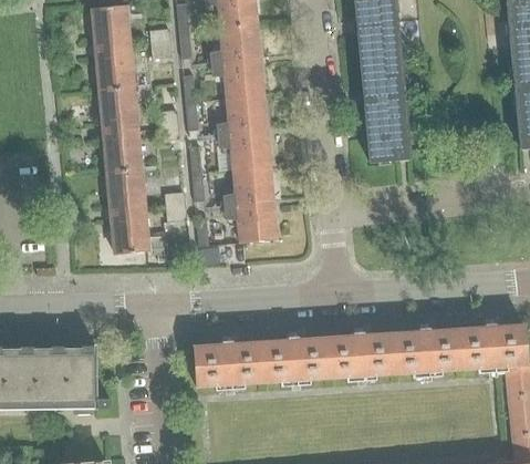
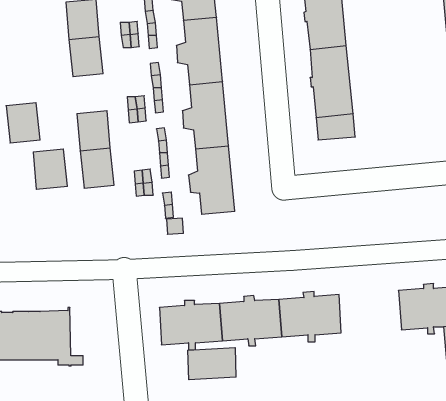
building: [100,87,137,132] -> [6,103,40,143]
building: [112,210,149,255] -> [33,149,67,189]
building: [393,323,461,379] -> none
building: none -> [188,348,236,380]

